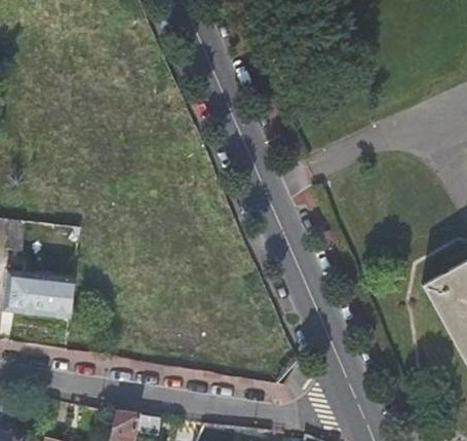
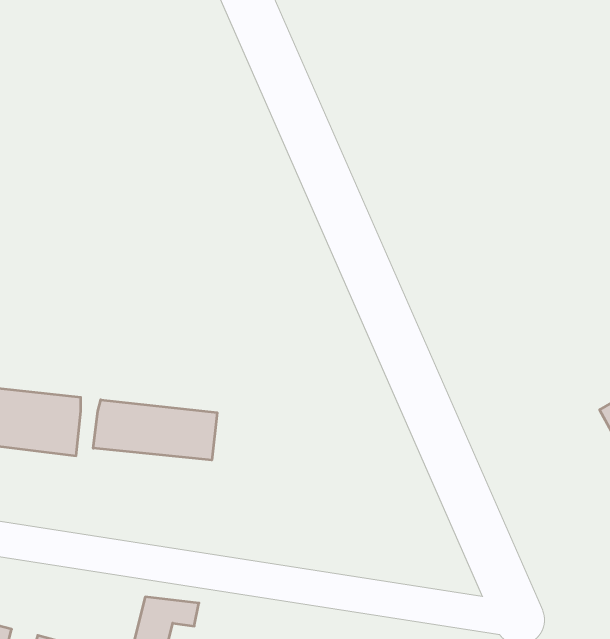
building: none -> [93,400,217,460]

